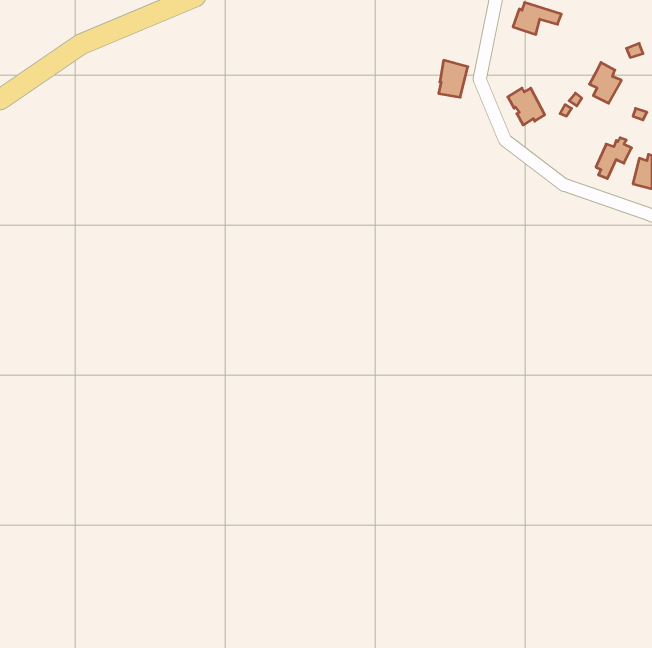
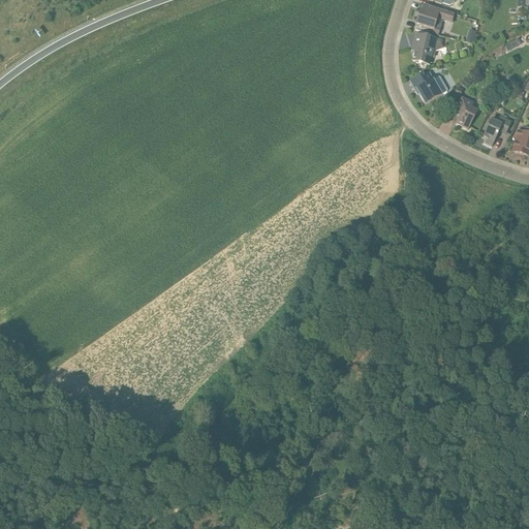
building: [439,60,468,97] -> [412,32,436,62]
building: [589,62,621,103] -> [453,94,478,127]

